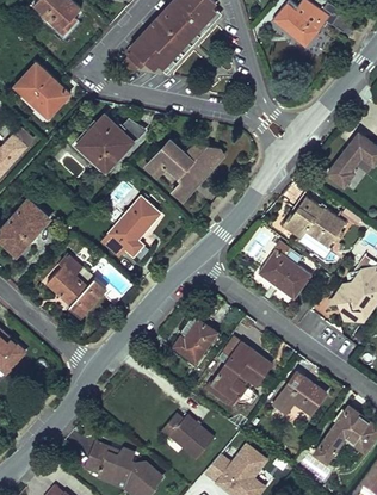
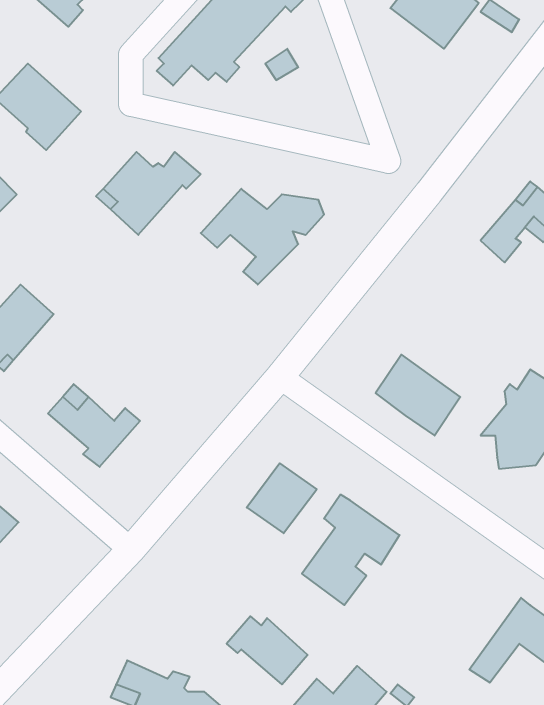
building: [282,196,346,247] -> none
building: [101,197,162,266] -> none
building: [270,367,333,425] -> none

